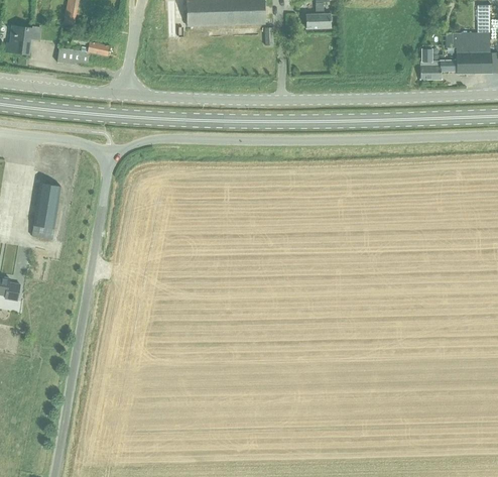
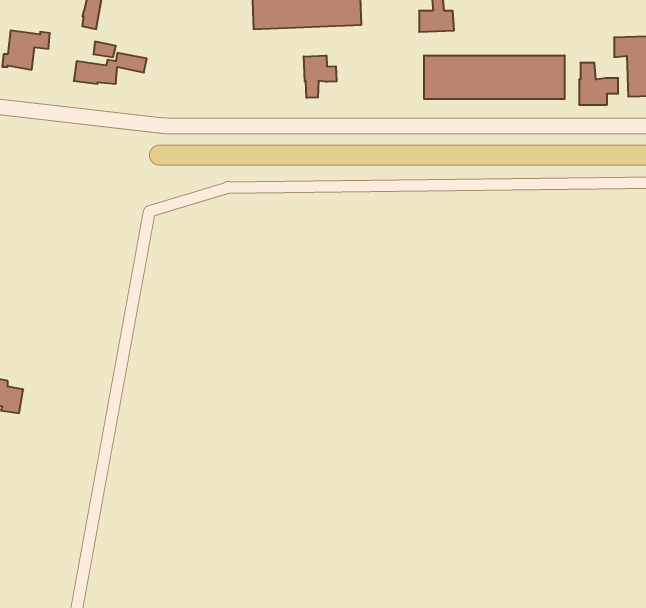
building: none -> [424,55,565,99]
building: none -> [304,55,337,98]
building: [31,184,60,240] -> none

